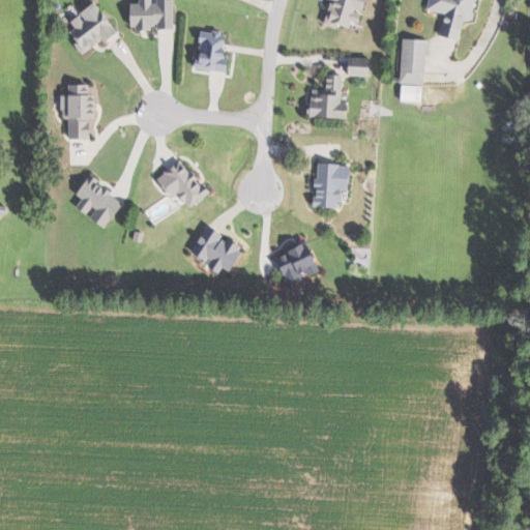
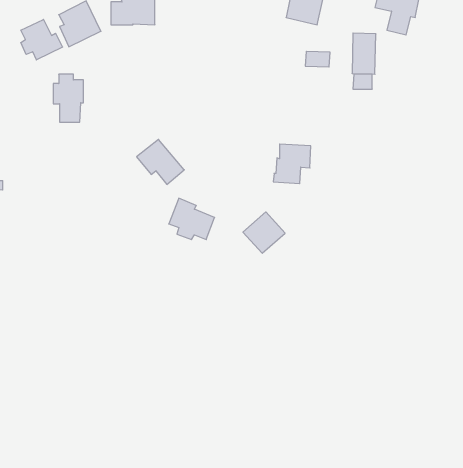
building: none -> [21,19,63,60]
building: [190,29,230,72] -> none
building: [306,73,349,118] -> none
building: [73,176,123,227] -> none

